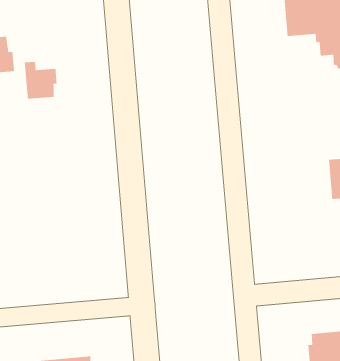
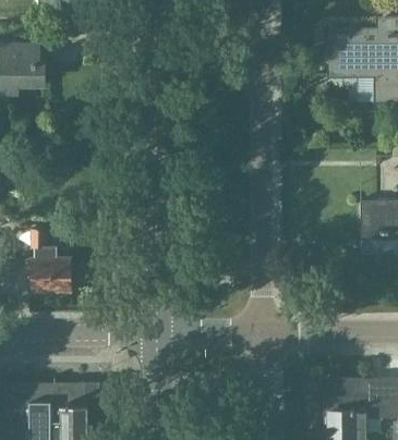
building: [24,59,57,100] -> none
building: none -> [33,230,72,293]

